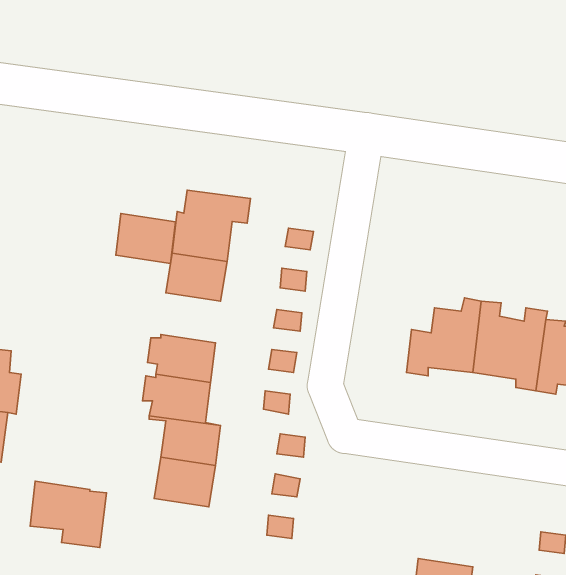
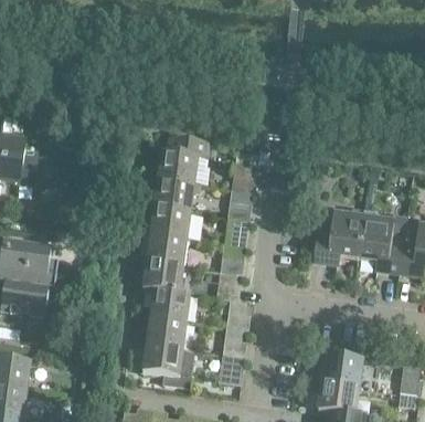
building: [116,214,176,263] -> [150,205,190,239]
building: [30,481,106,548] -> [142,342,193,387]
building: none -> [321,355,362,388]

